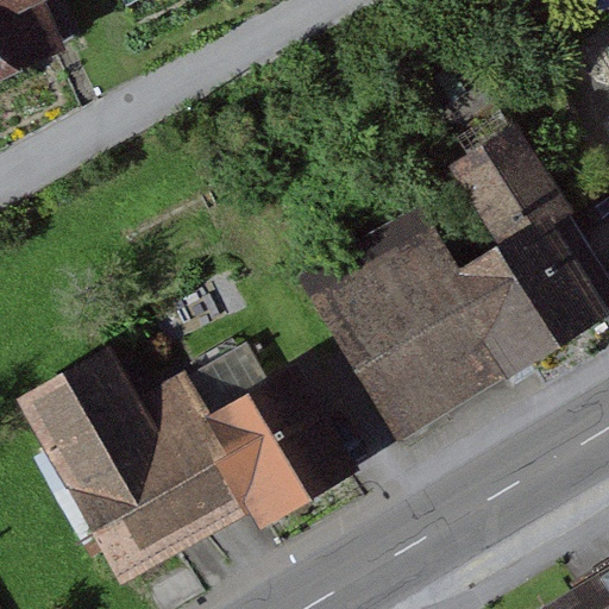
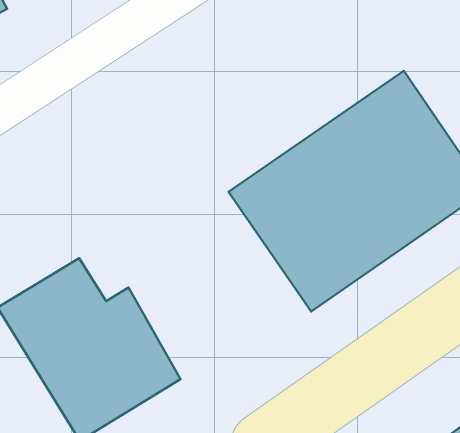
building: [177,339,350,525] -> none

